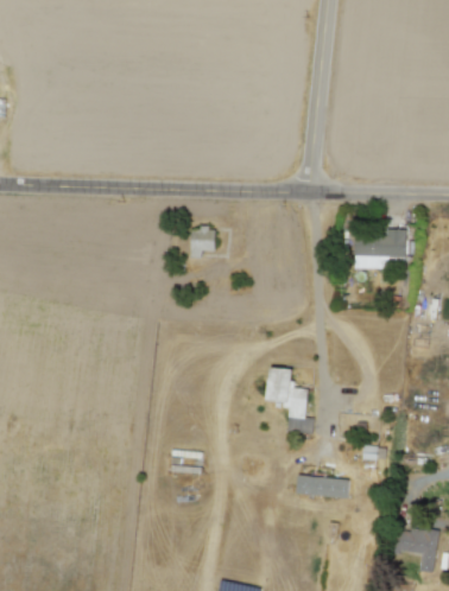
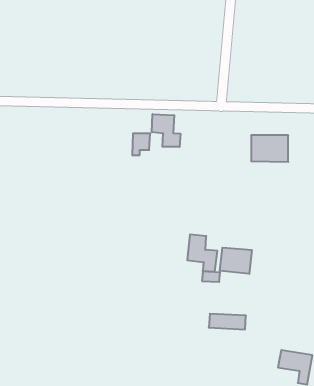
building: none -> [152,114,180,147]
building: none -> [220,248,252,274]

